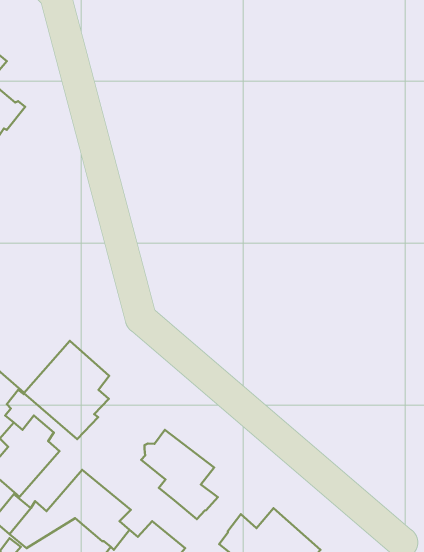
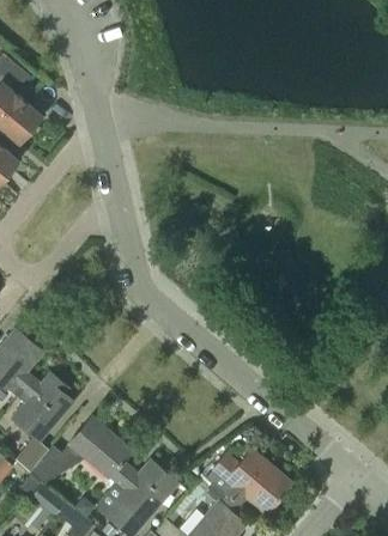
building: [24,341,109,439] -> none
building: [141,430,218,519] -> none

